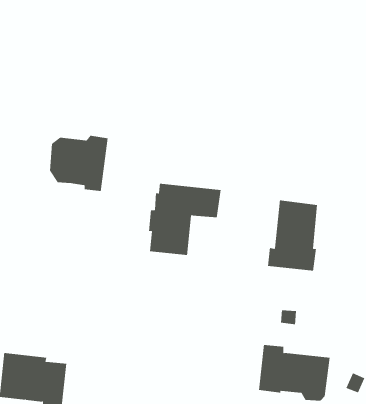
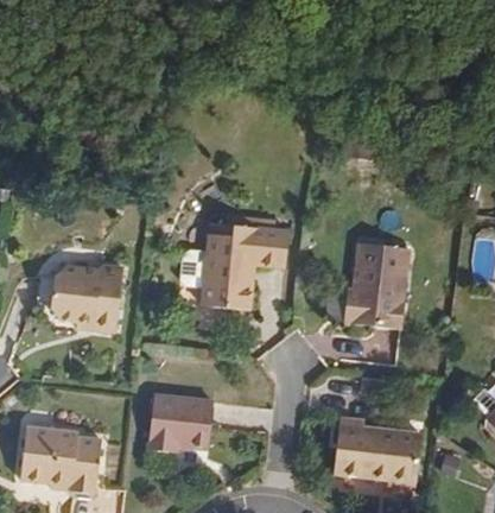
building: [49,135,109,192] -> [45,261,116,329]
building: none -> [142,391,207,448]

